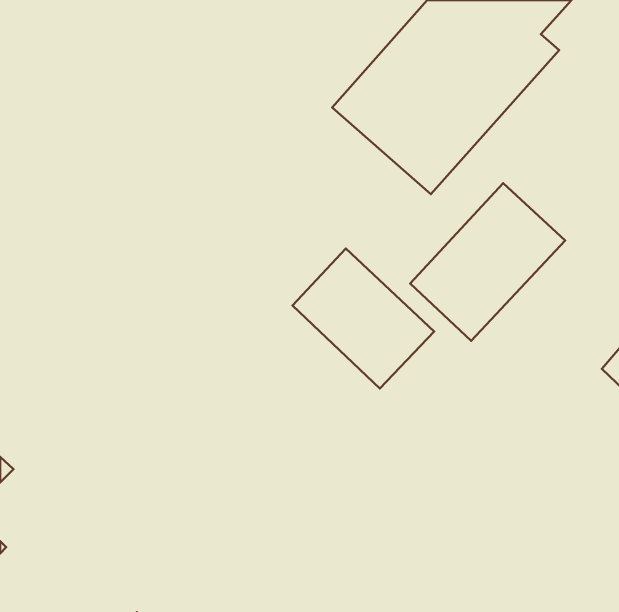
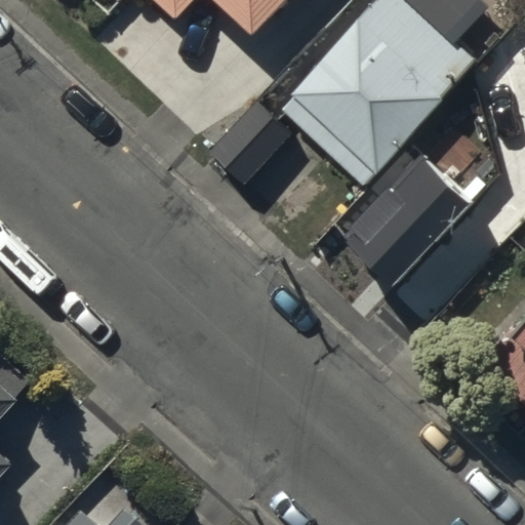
building: [292,249,434,389] -> none

